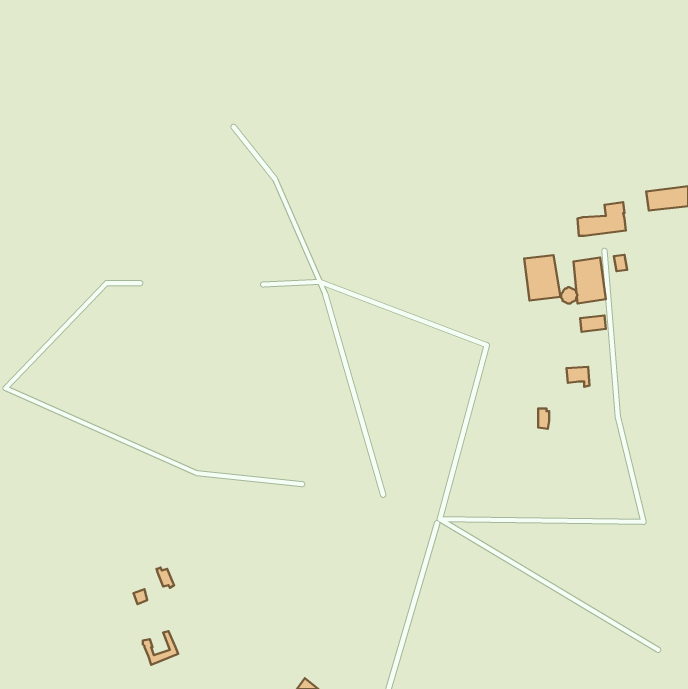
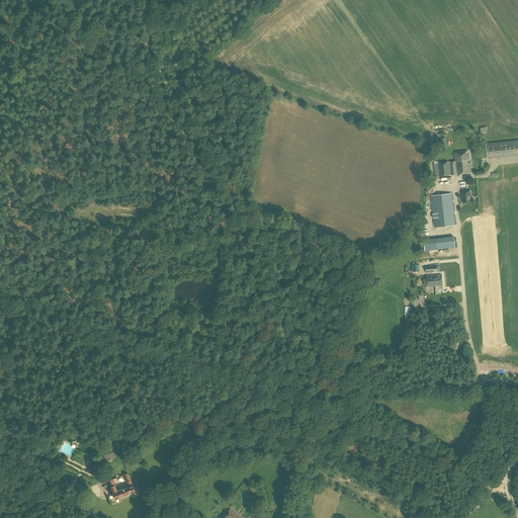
building: [524,255,560,300] -> none

